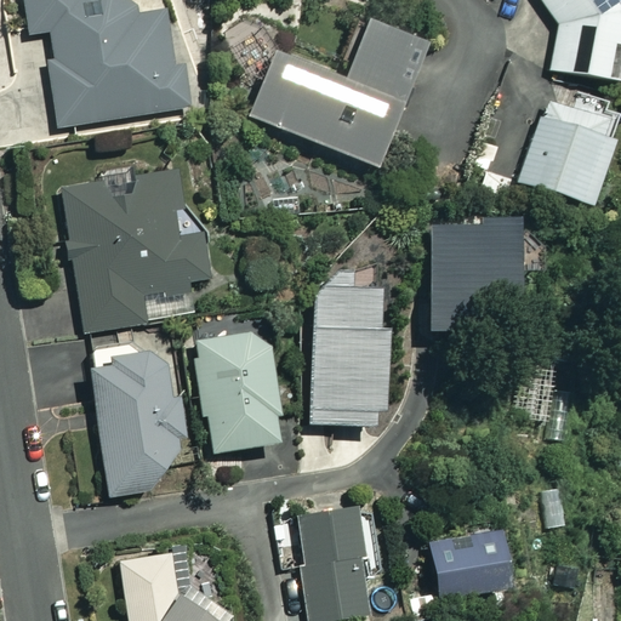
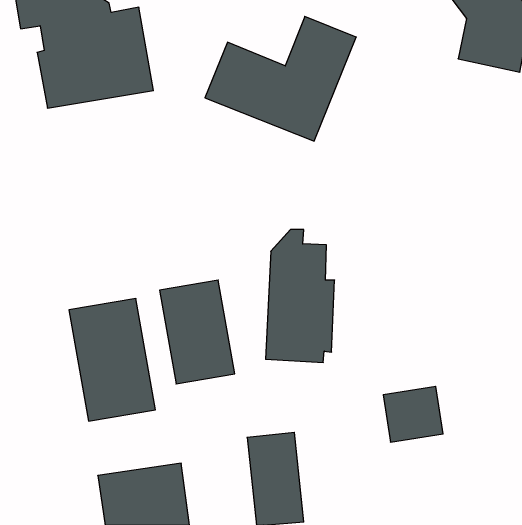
building: [519,99,613,204] -> none
building: [61,167,209,331] -> none
building: [439,221,534,335] -> none
building: [427,531,497,597] -> [383,386,443,442]

